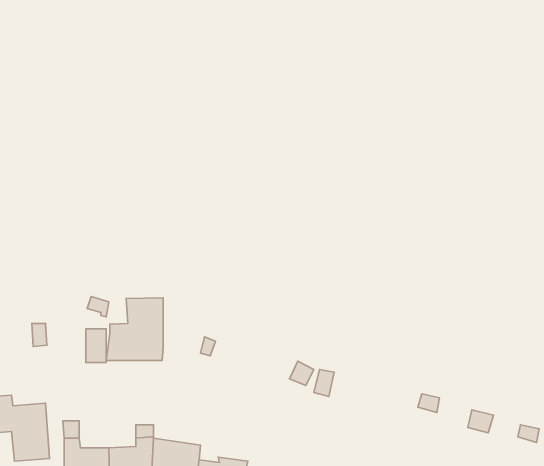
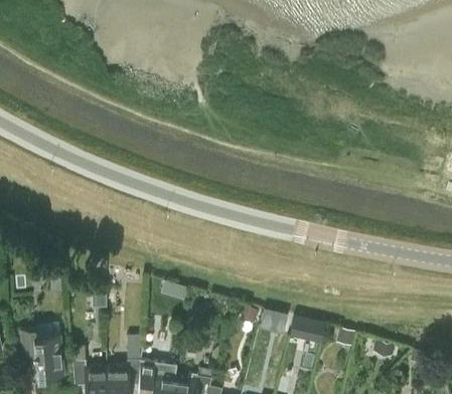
building: [106,298,163,360] -> none
building: none -> [289,315,326,343]

